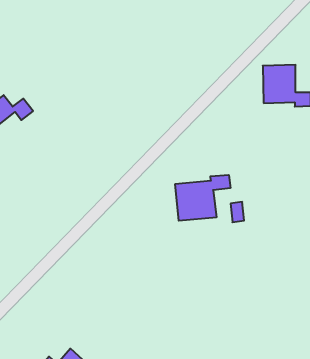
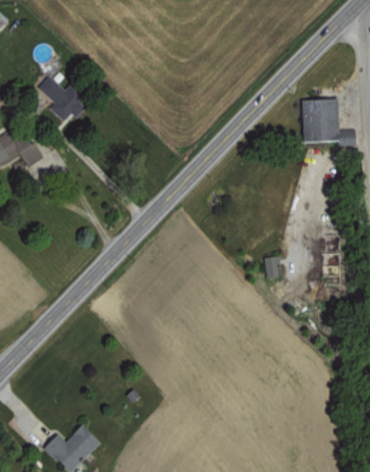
building: none -> [39,76,88,120]
building: [175,175,230,221] -> none

